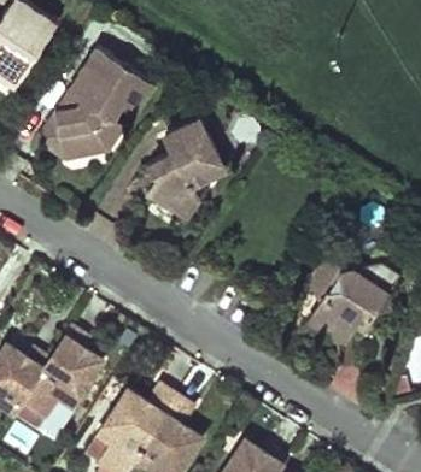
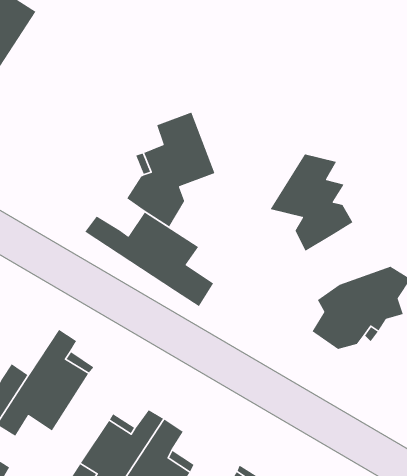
building: [42,47,156,164] -> none
building: none -> [270,154,353,252]
building: none -> [84,211,214,307]

